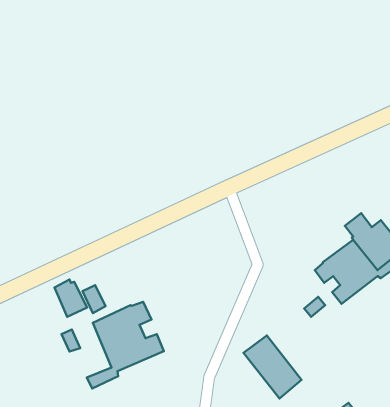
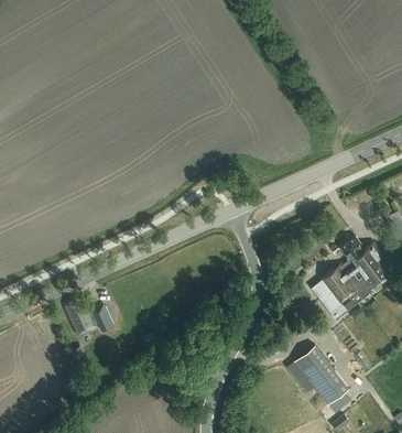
building: [87,302,164,389] -> none
building: [244,336,302,398] -> [291,345,346,404]

